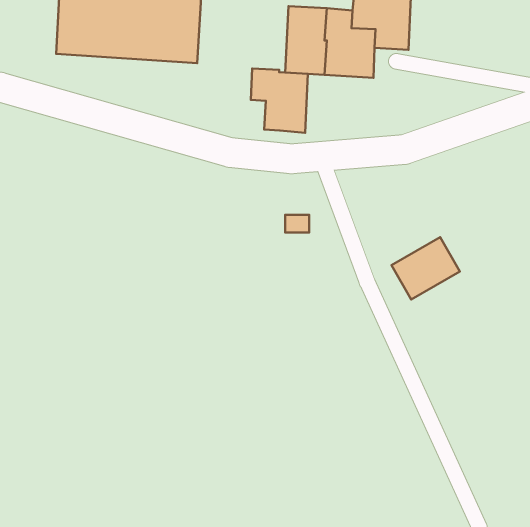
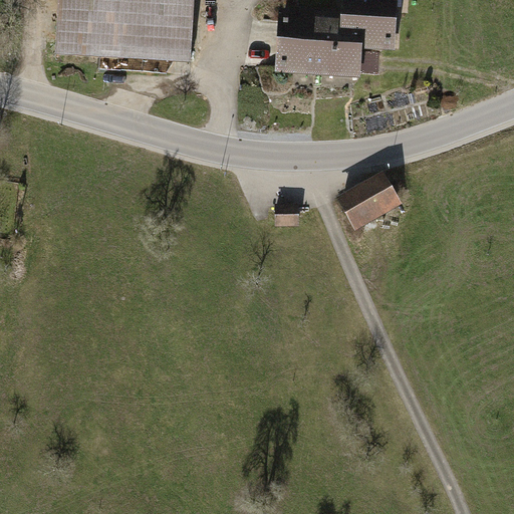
building: [251,69,308,133] -> none
building: [392,237,460,299] -> [336,169,403,229]

